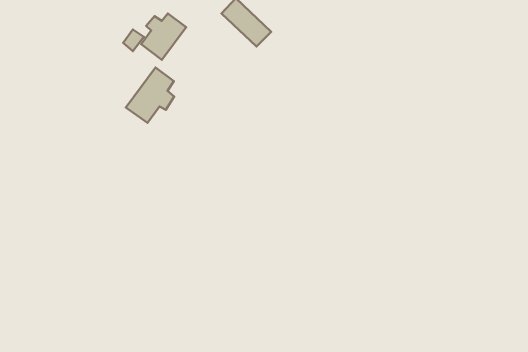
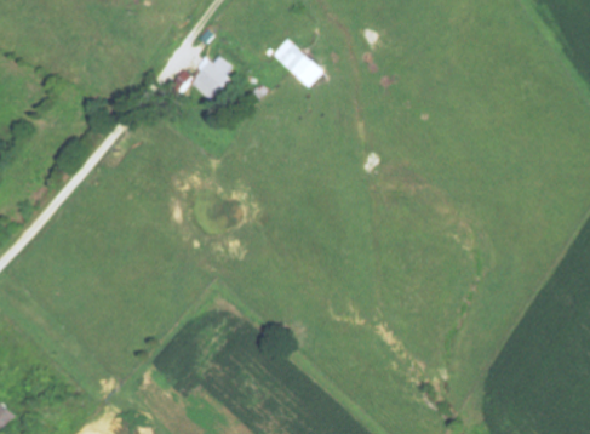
building: [126,67,174,123] -> none

